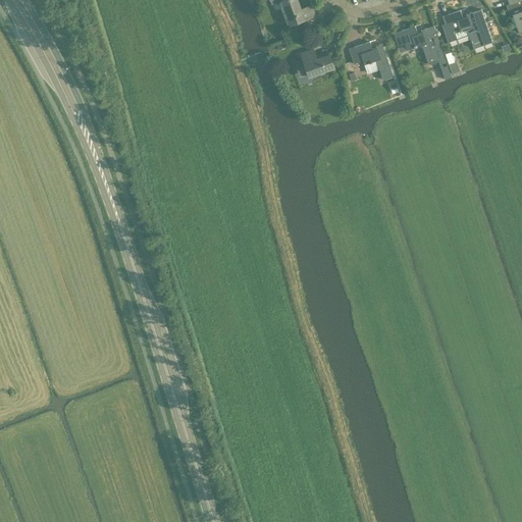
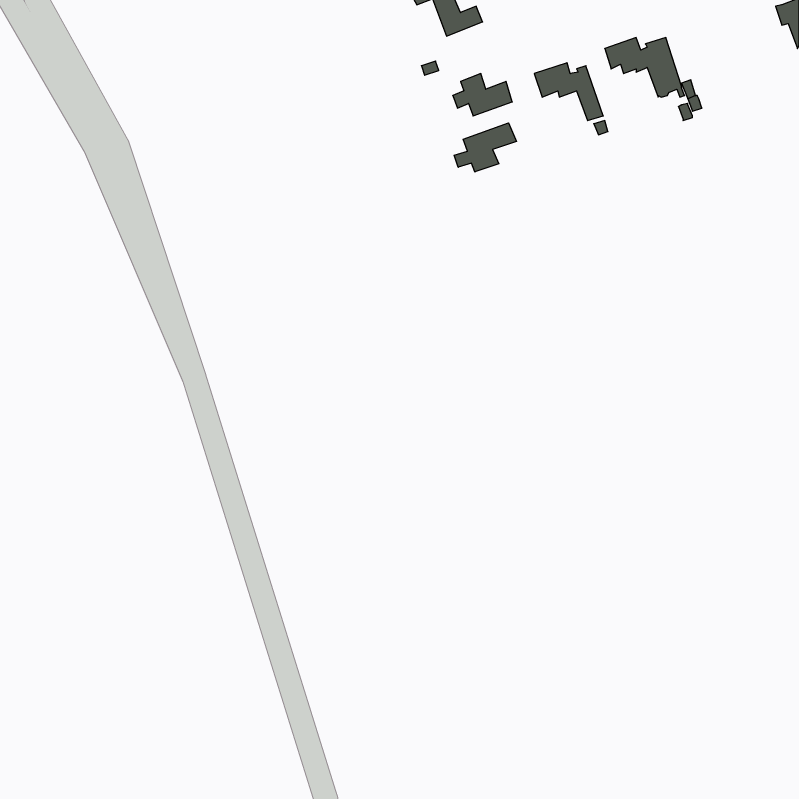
building: [440,9,491,48] -> none
building: none -> [454,123,516,172]

